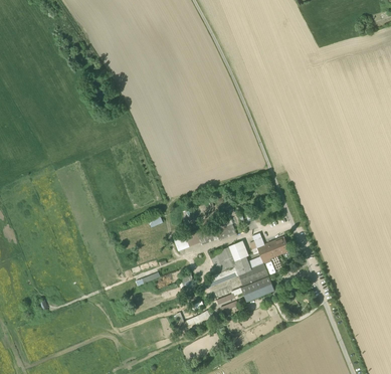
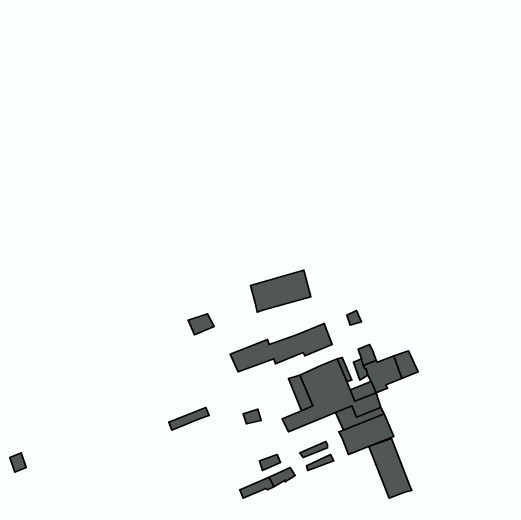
building: none -> [250,270,311,312]
building: none -> [369,439,412,498]

